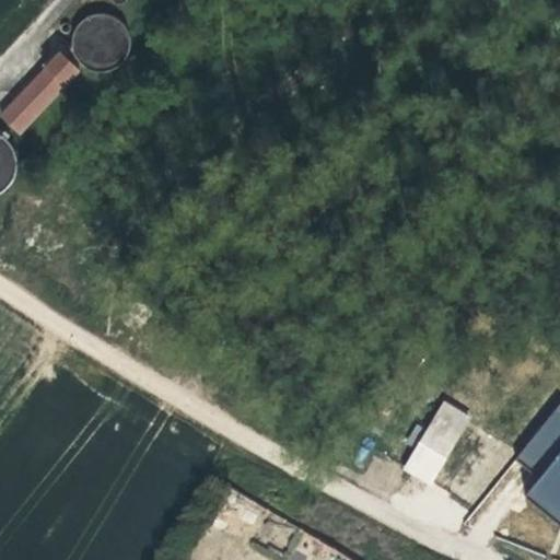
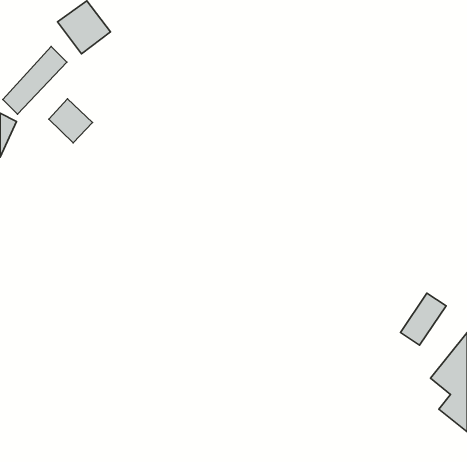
building: none -> [49,99,93,143]
building: [408,416,463,478] -> [400,293,446,345]

